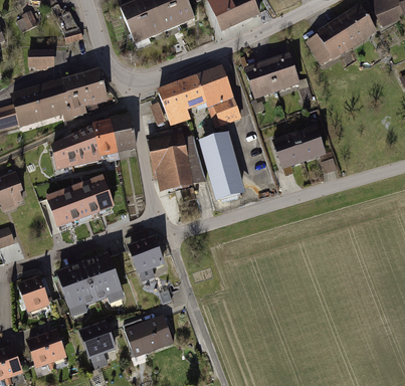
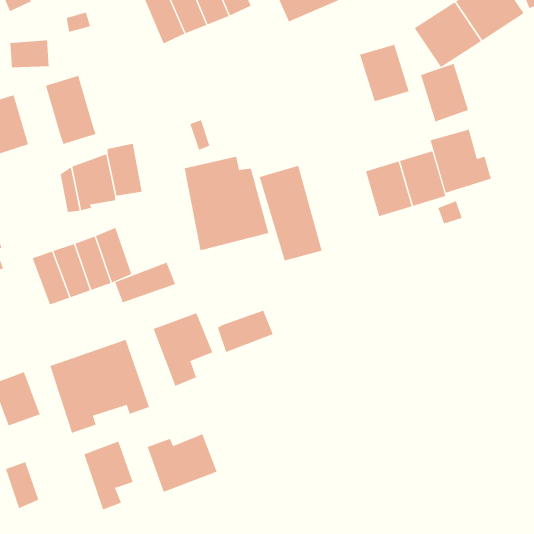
building: [244,57,277,98] -> [420,63,469,122]
building: [76,64,111,109] -> none
building: [159,65,242,126] -> none
building: [32,78,63,119] -> none
building: none -> [430,129,491,193]
building: [113,113,138,151] -> none
building: [50,139,68,170] -> none
building: none -> [115,262,176,303]
building: none -> [217,310,274,353]
building: [40,330,64,361] -> none

